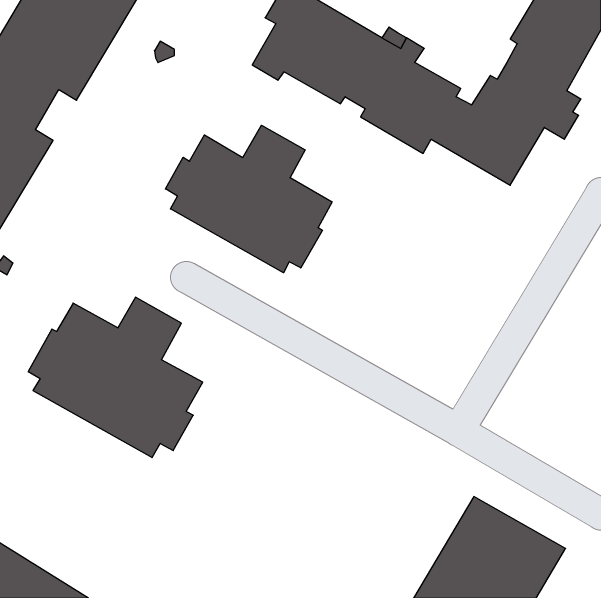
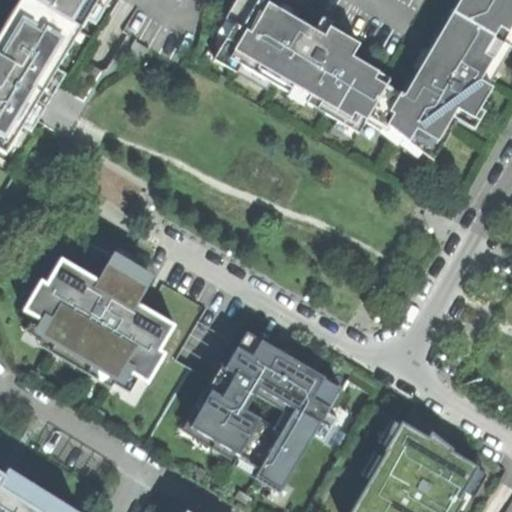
building: [165,125,332,273] -> none
building: none -> [186,330,341,486]

